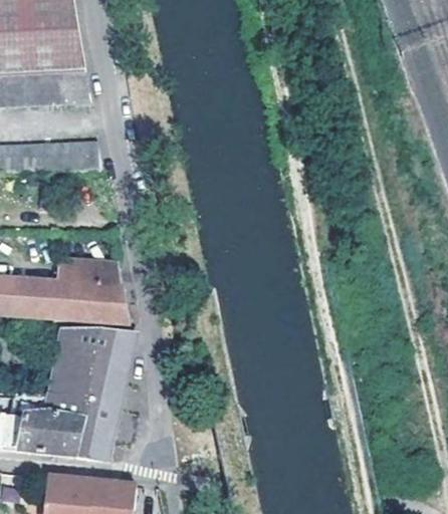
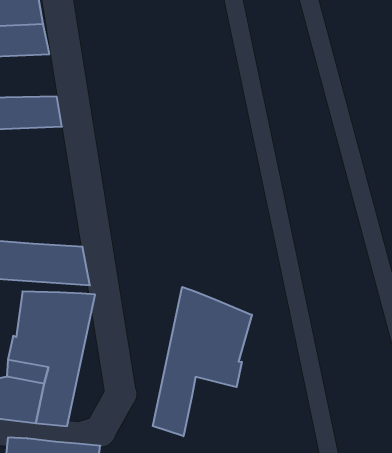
building: [72,257,121,286] -> none
building: none -> [153,287,252,436]

